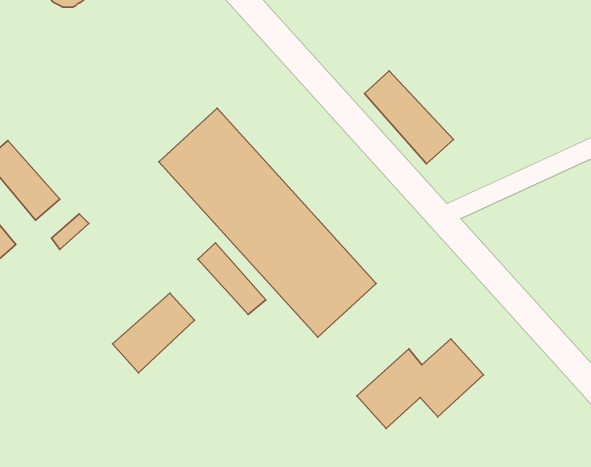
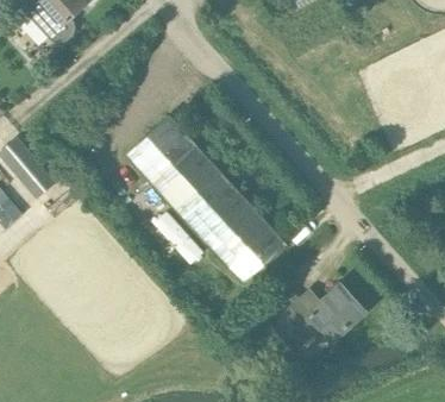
building: [365,71,453,164] -> none
building: [112,293,194,373] -> none

